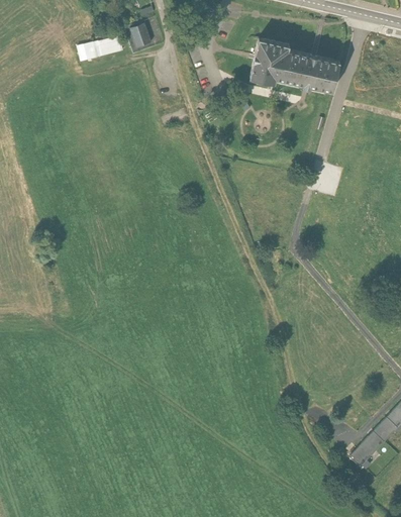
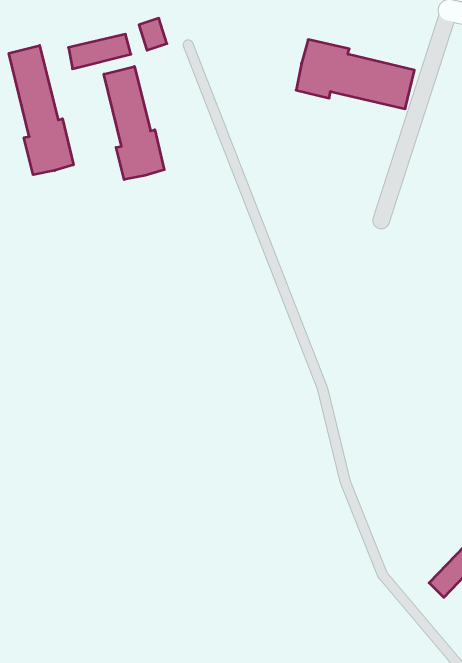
building: none -> [9,45,73,175]
building: none -> [104,66,164,180]

